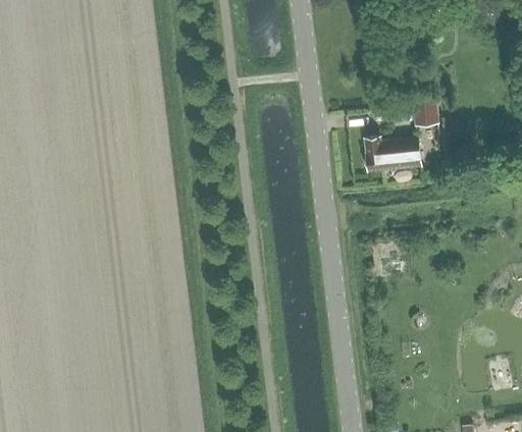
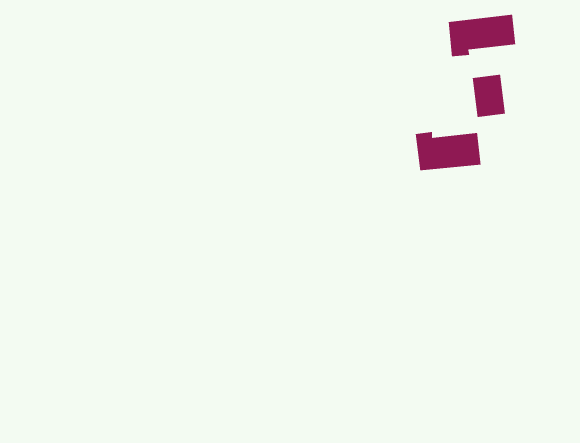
building: none -> [448,14,516,57]

